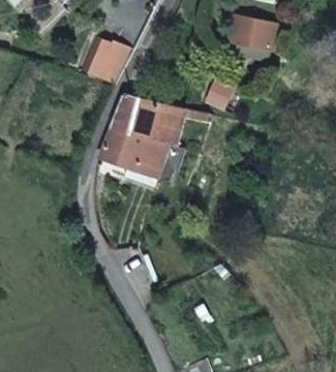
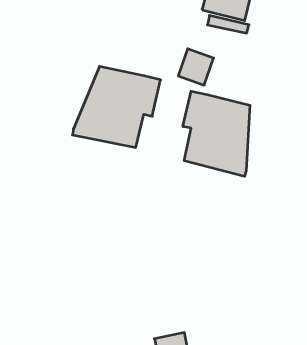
building: [77,39,126,79] -> none
building: none -> [183,91,250,176]

